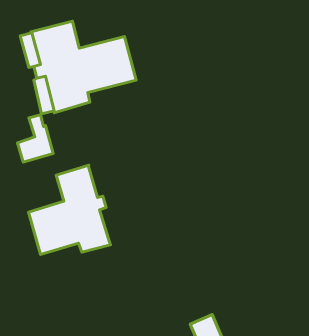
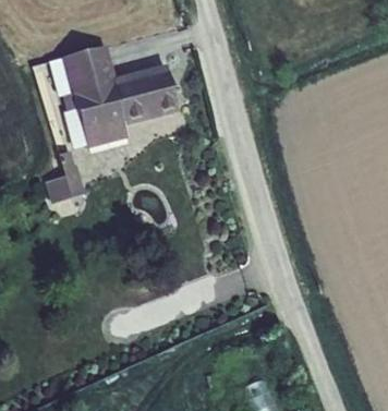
building: [28,165,111,254] -> none

